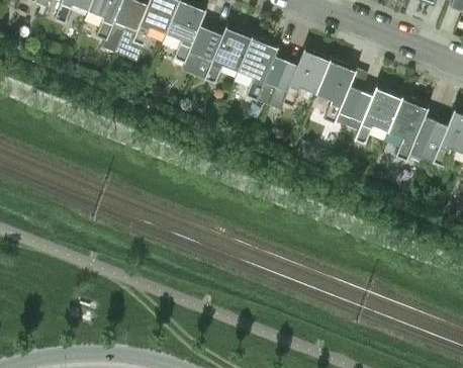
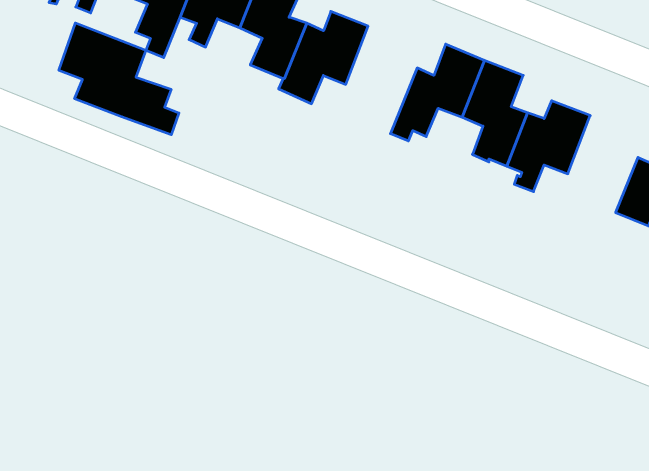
building: none -> [59,23,179,135]
building: [238,32,286,105] -> none
building: [388,93,436,162] -> none

